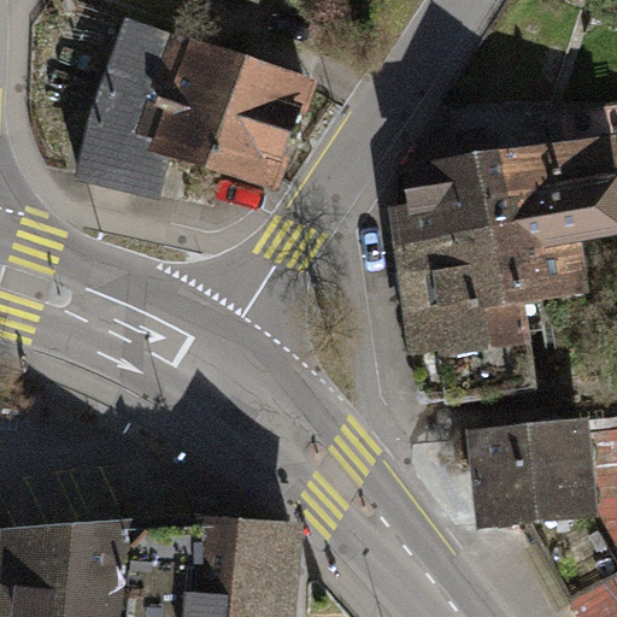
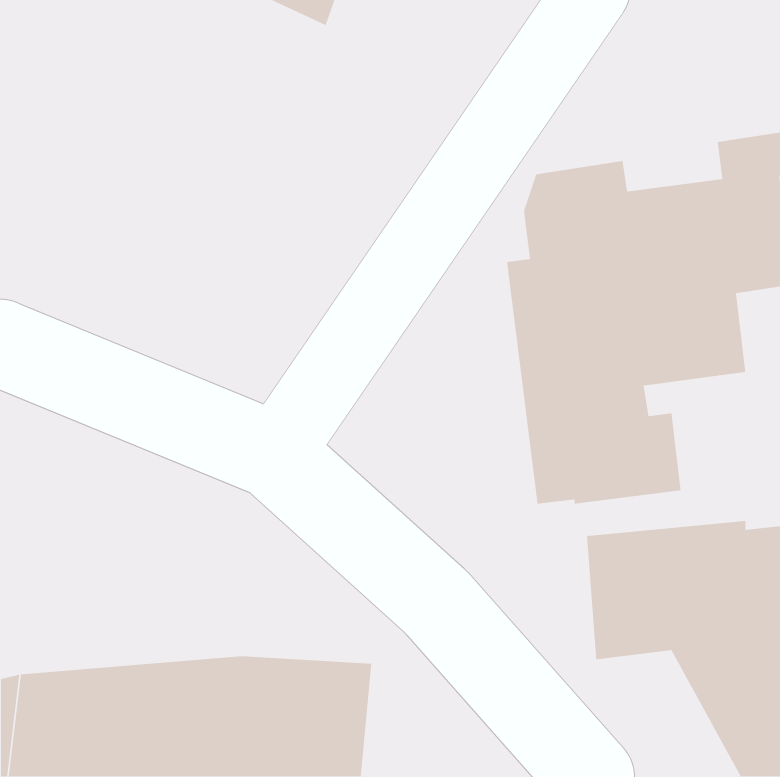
building: [83,20,323,207] -> none

